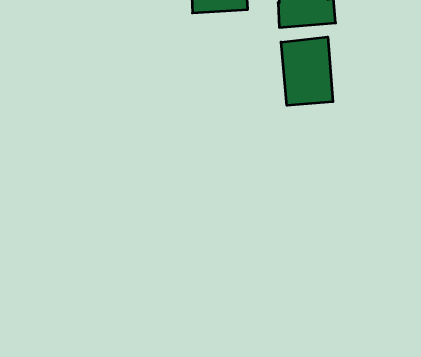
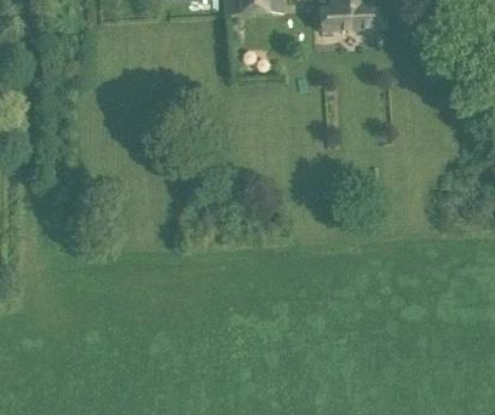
building: [281,37,333,105] -> none

